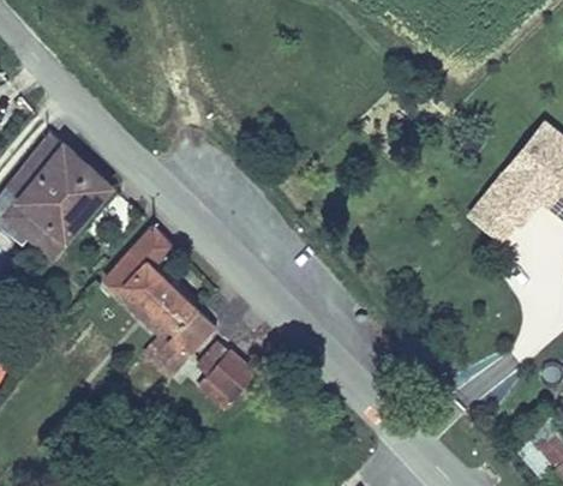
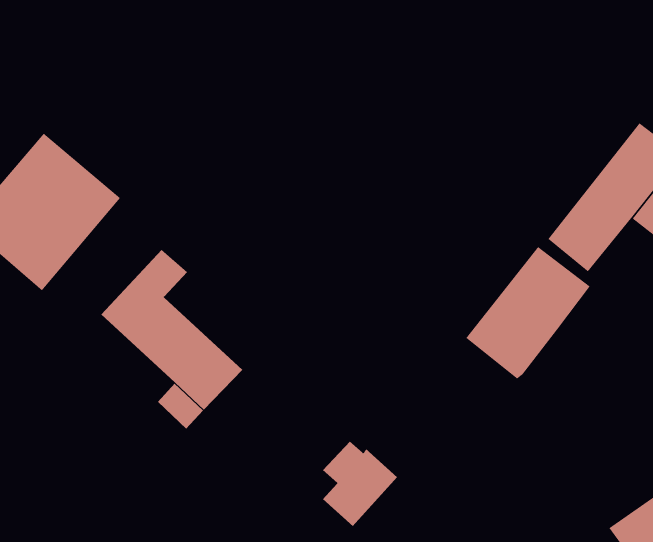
building: none -> [466,246,590,380]
building: [194,343,257,414] -> [322,441,398,527]

